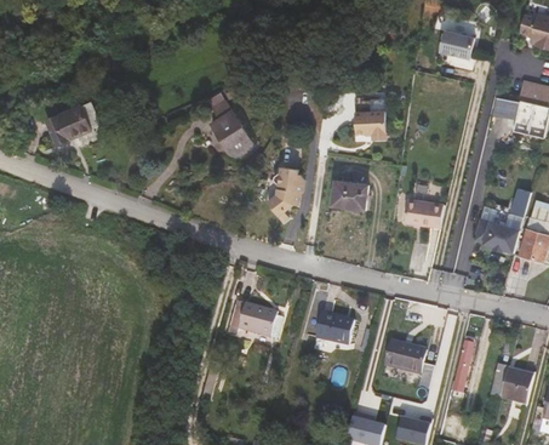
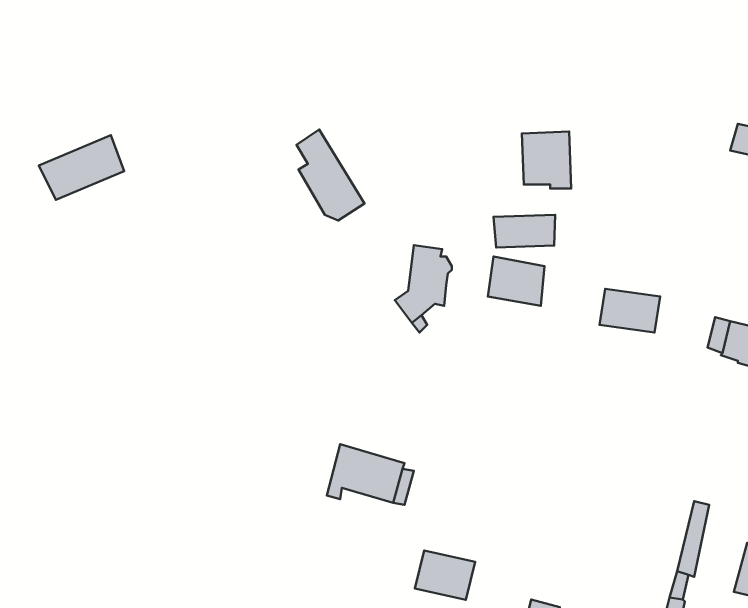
building: [439,30,474,58] -> none
building: none -> [494,215,555,248]
building: [316,312,355,343] -> [415,550,475,600]
building: [385,338,427,372] -> none

